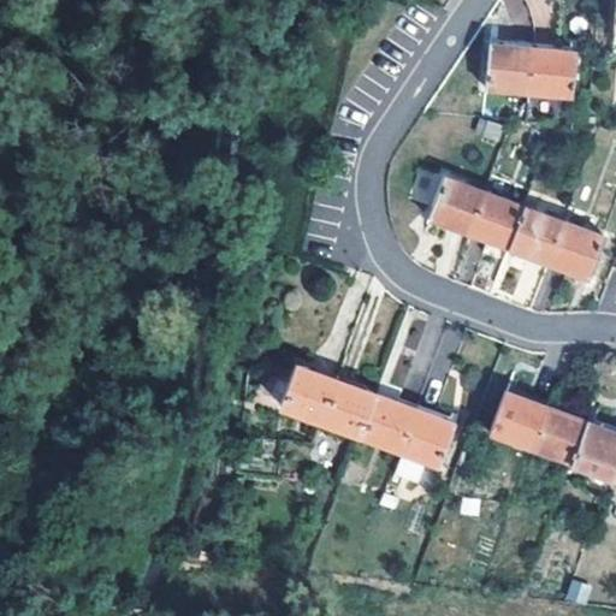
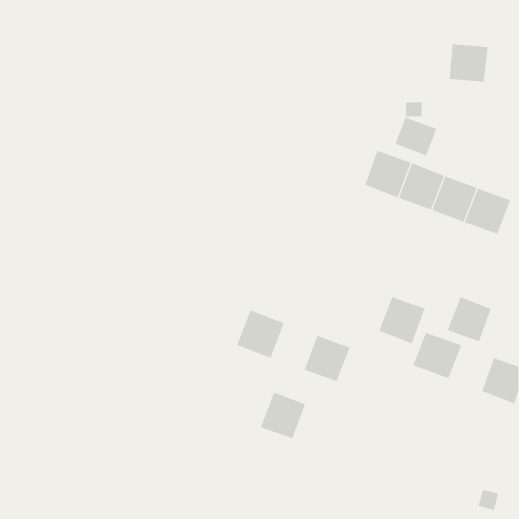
building: [490,48,535,94] -> none
building: none -> [395,117,437,156]
building: [321,383,375,438] -> [260,392,306,439]
building: [532,409,585,463] -> [447,297,492,342]
building: [399,411,455,468] -> [379,296,425,344]

